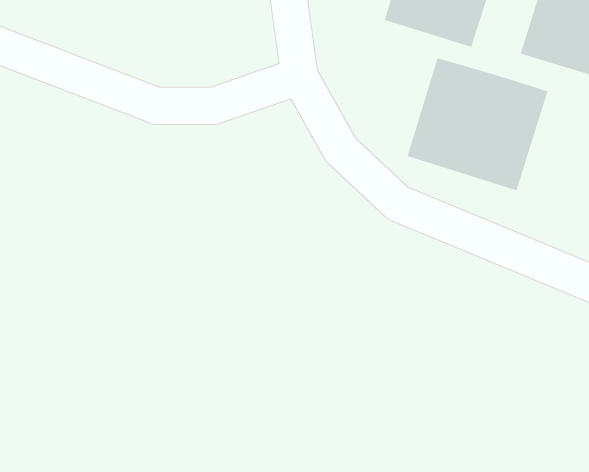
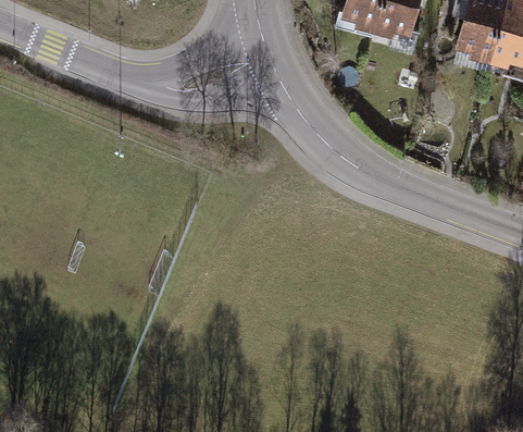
building: [407,57,548,191] -> none

